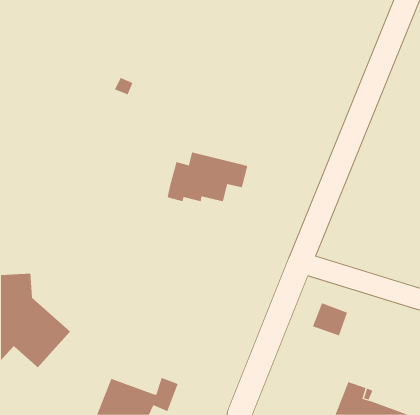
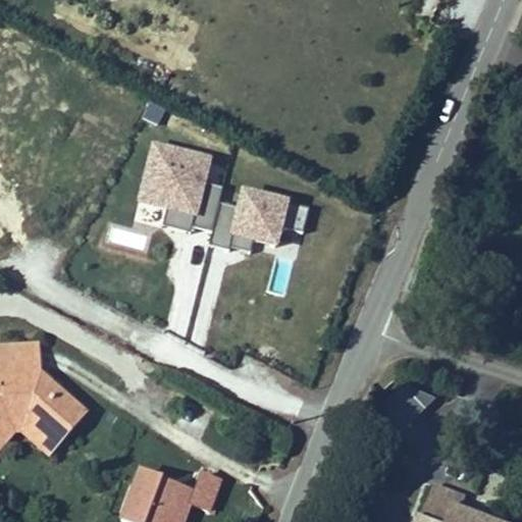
building: none -> [135,142,222,232]

